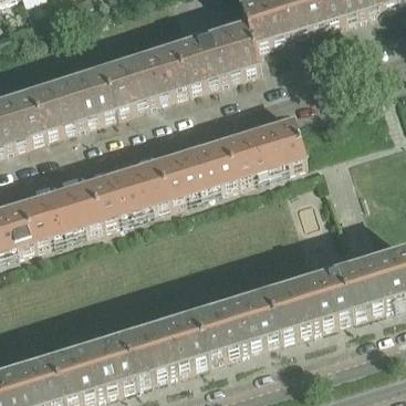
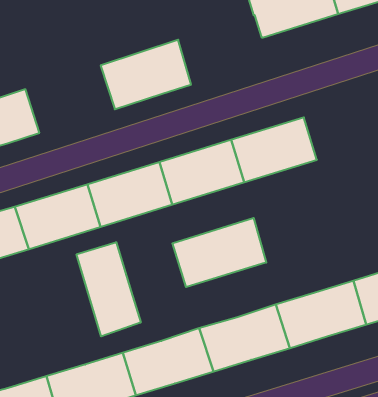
building: [175,21,260,86] -> none
building: [31,69,115,132] -> none
building: none -> [172,218,266,287]
building: none -> [77,242,141,336]

